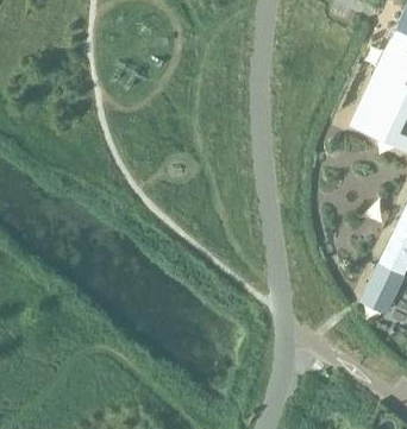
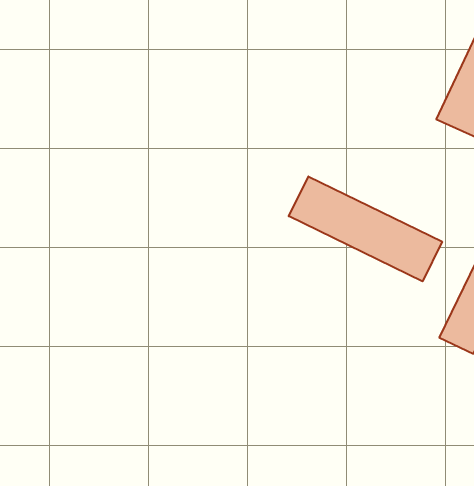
building: none -> [289,176,442,281]

